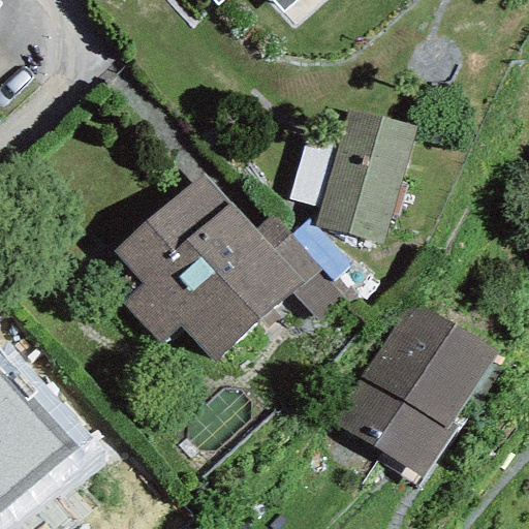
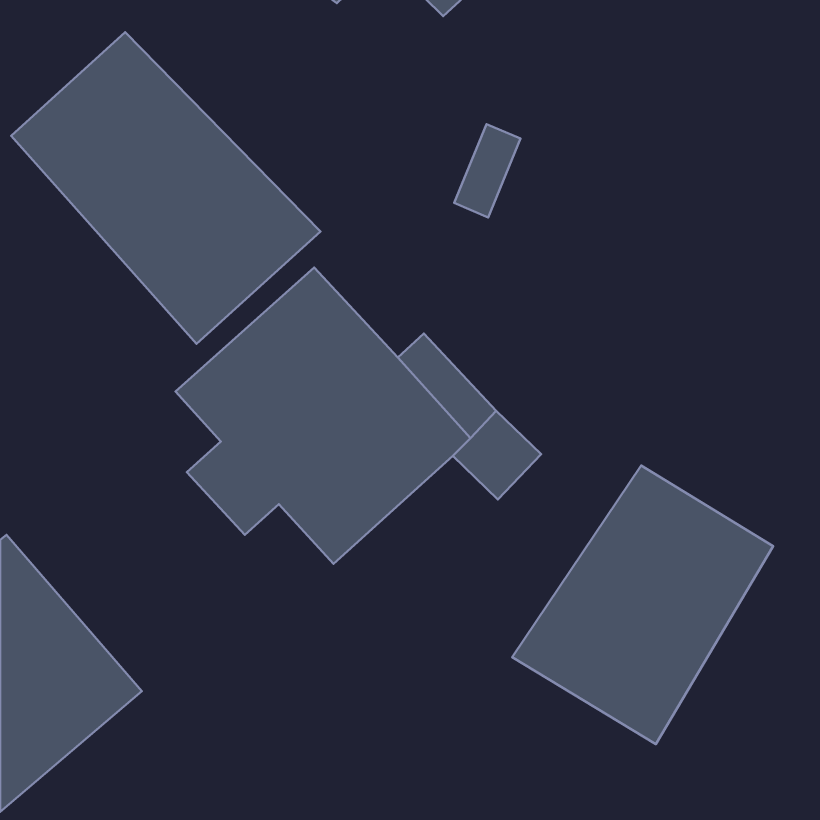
building: none -> [11,32,320,344]
building: [315,110,415,242] -> none

